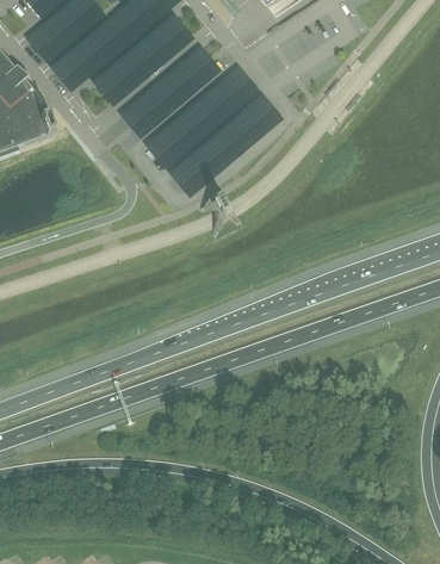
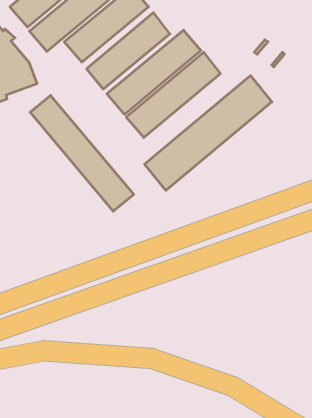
building: none -> [145,76,272,190]
building: none -> [30,95,134,211]

